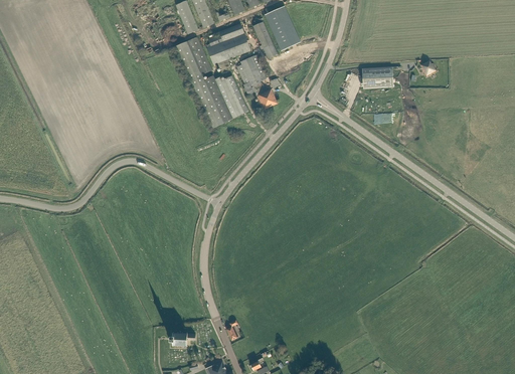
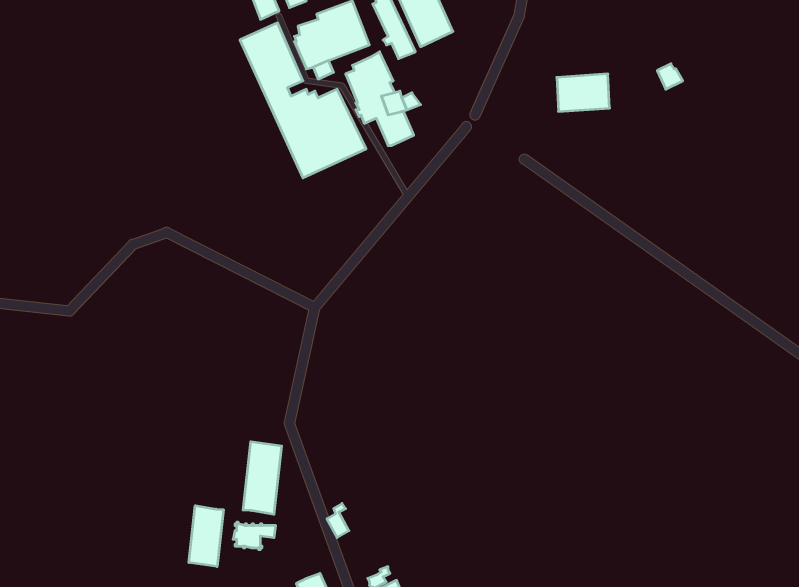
building: none -> [243,442,282,514]
building: none -> [189,506,223,567]

